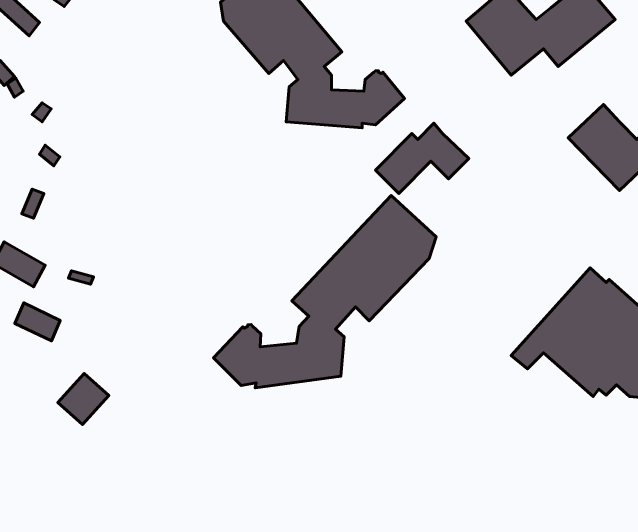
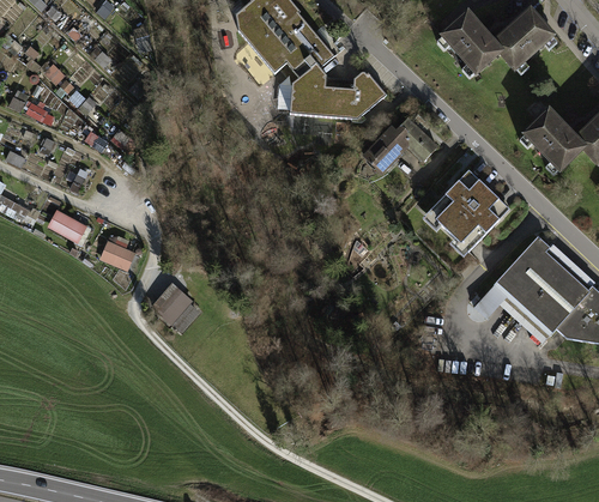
building: none -> [425,169,506,249]
building: [213,196,436,388] -> none
building: [15,303,60,341] -> [99,242,137,273]
building: [58,373,109,425] -> [153,284,195,326]

